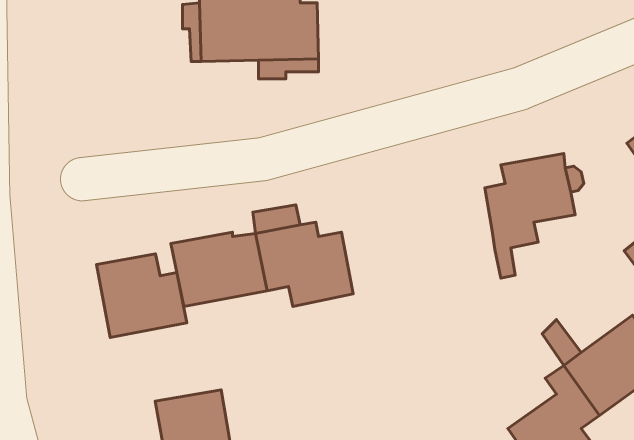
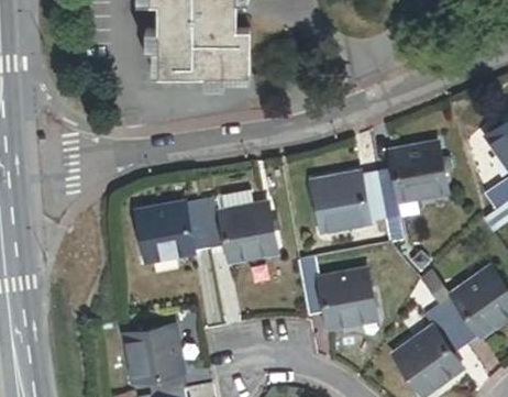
building: none -> [312,170,385,230]
building: [97,254,187,337] -> none
building: none -> [299,256,374,327]

